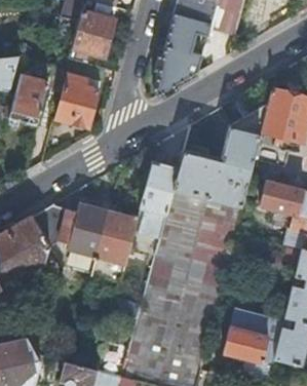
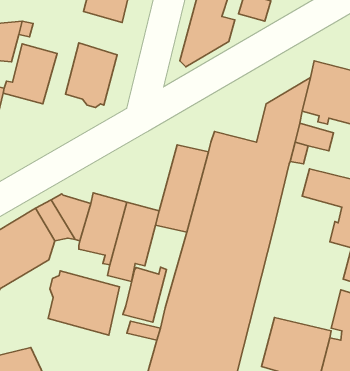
building: none -> [123,267,167,322]
building: none -> [48,271,120,335]

